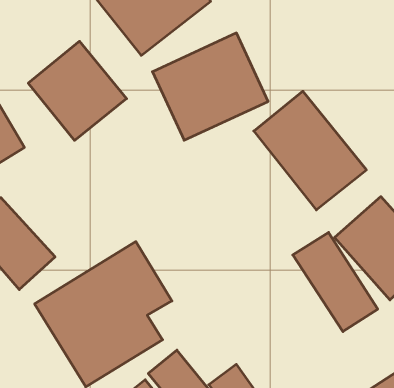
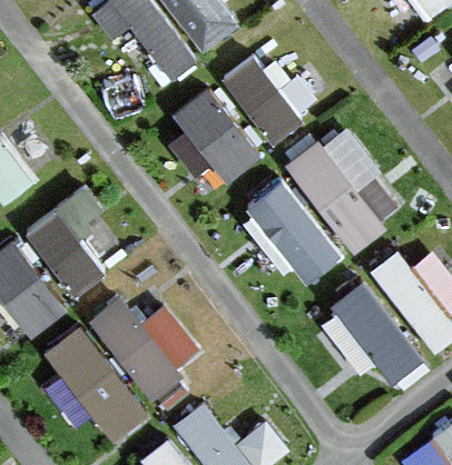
building: [28,41,127,140] -> [19,189,126,297]
building: none -> [240,177,340,284]

